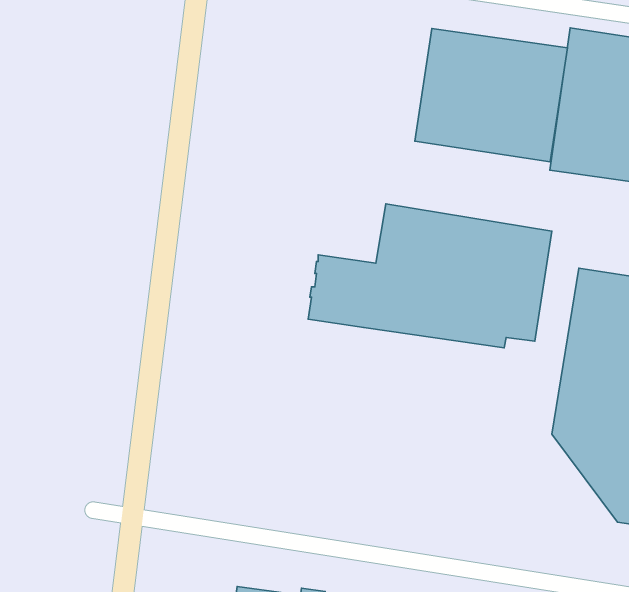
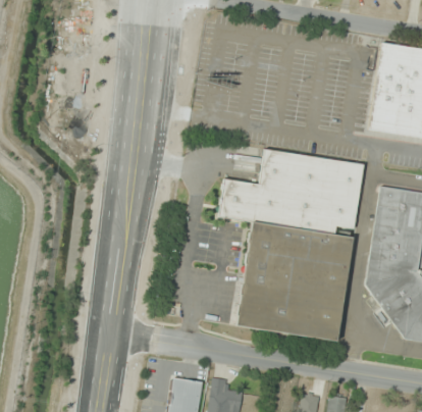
building: [415,28,567,162] -> none
building: none -> [235,221,352,341]

